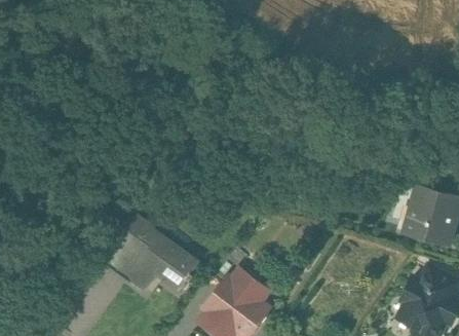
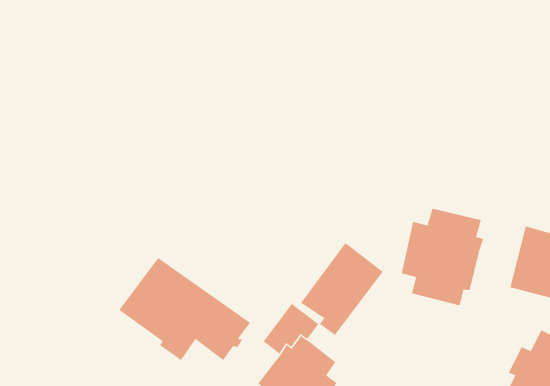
building: none -> [401,208,484,306]
building: none -> [300,242,384,336]

